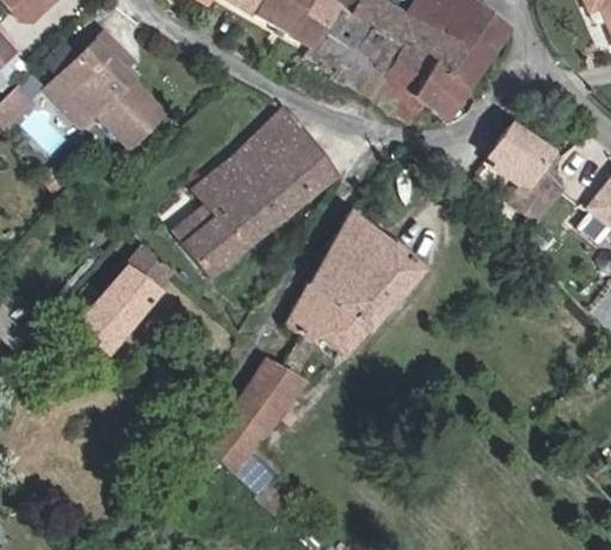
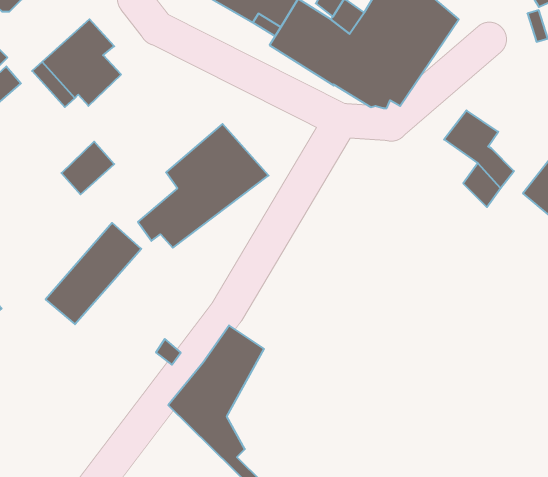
building: [116,87,172,143] -> [61,142,114,194]
building: [258,107,338,194] -> none
building: [280,212,424,353] -> none

